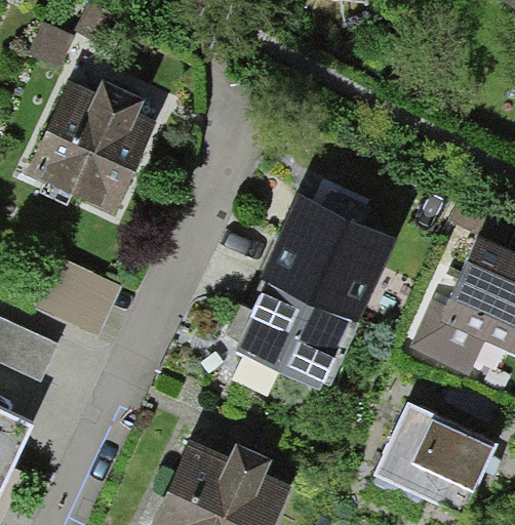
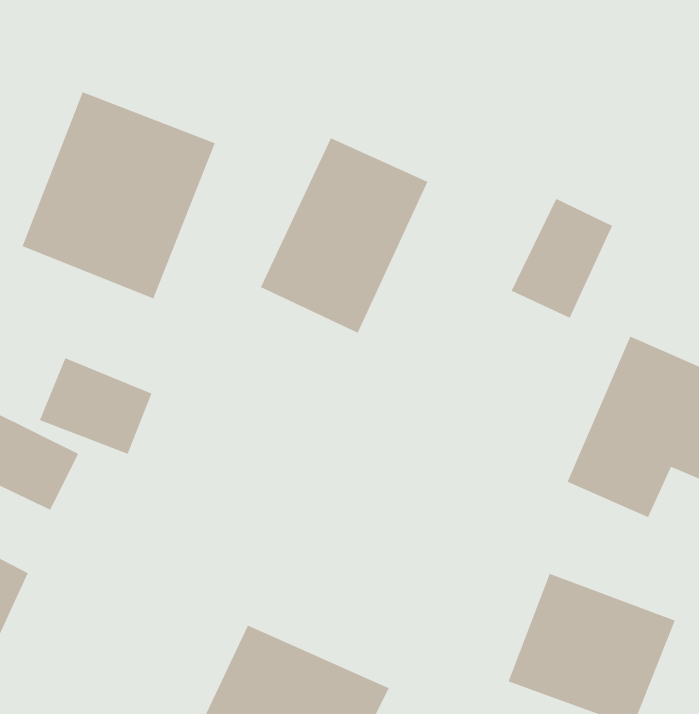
building: none -> [260,137,429,334]
building: none -> [511,198,613,319]
building: [230,203,393,400] -> none

